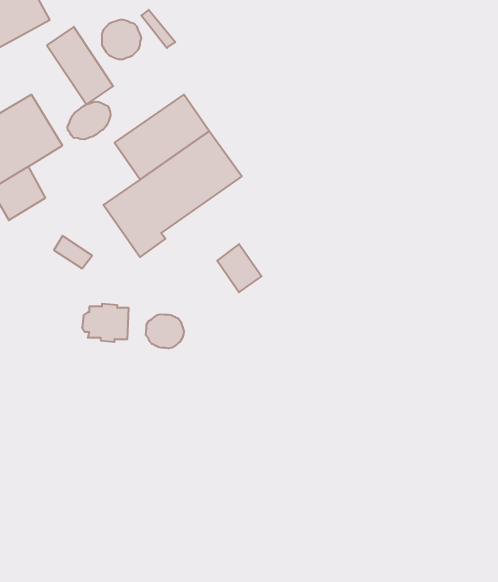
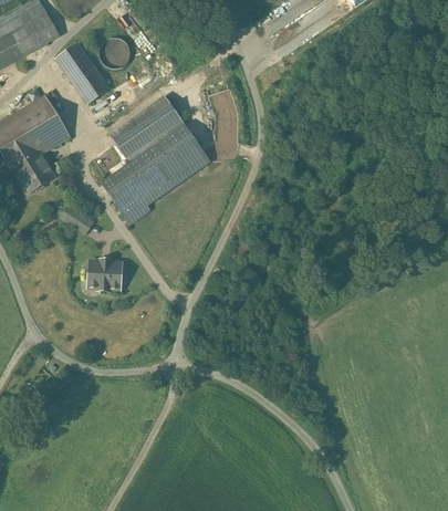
building: [68,102,110,139] -> none
building: [217,244,262,292] -> none
building: [146,314,184,348] -> none

